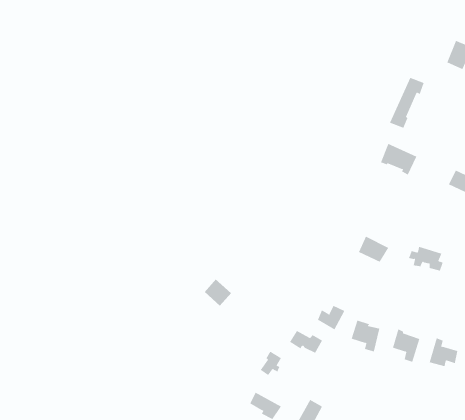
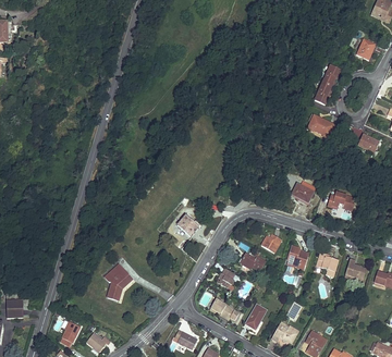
building: none -> [106,264,132,300]

